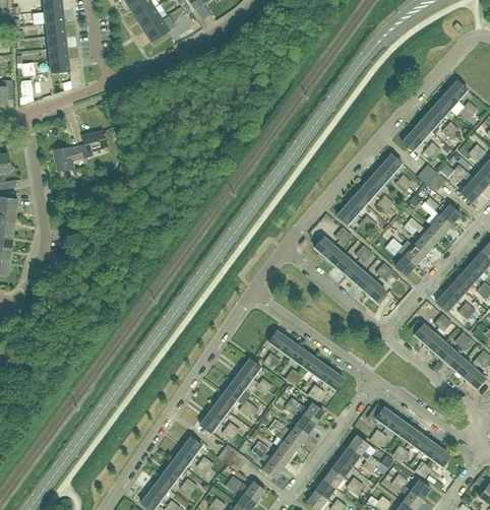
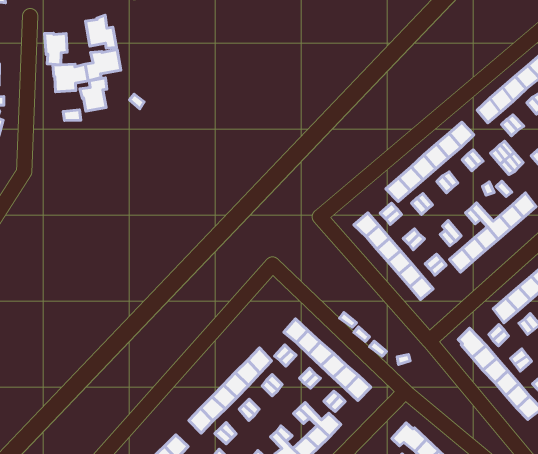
building: none -> [85,15,117,48]
building: none -> [44,33,67,65]
building: none -> [80,78,107,111]

